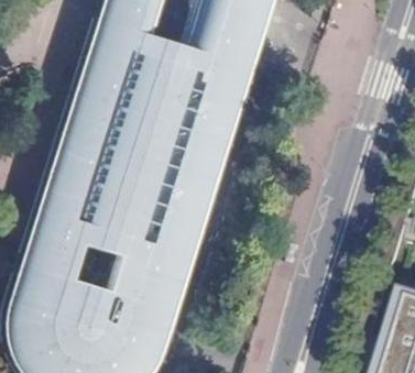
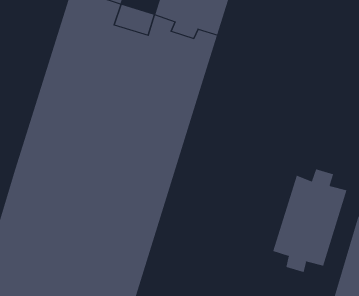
building: none -> [272,168,347,273]

